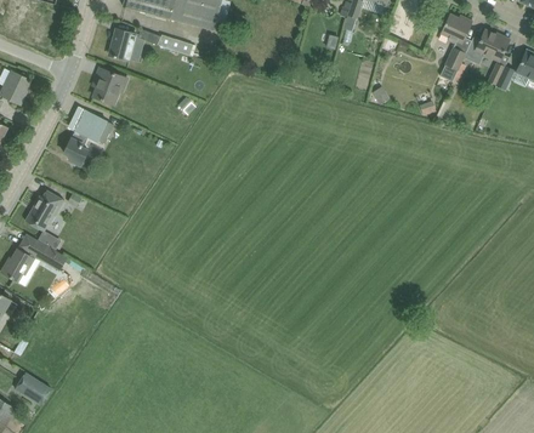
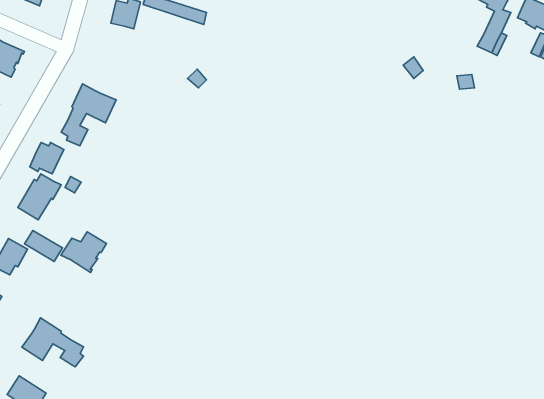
building: [92,68,126,104] -> none
building: none -> [30,142,64,174]
building: none -> [61,232,106,273]
building: none -> [22,318,83,367]

